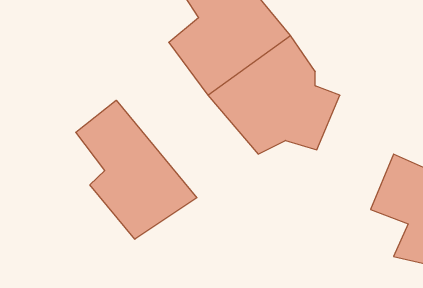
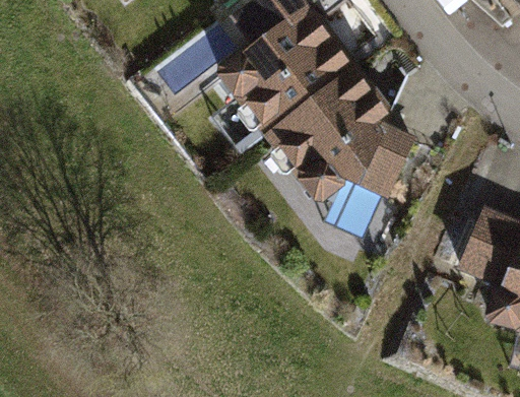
building: [76,100,197,239] -> none

